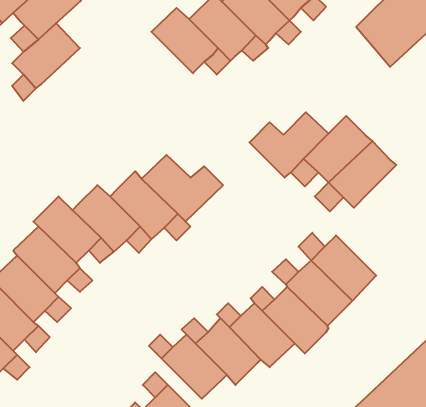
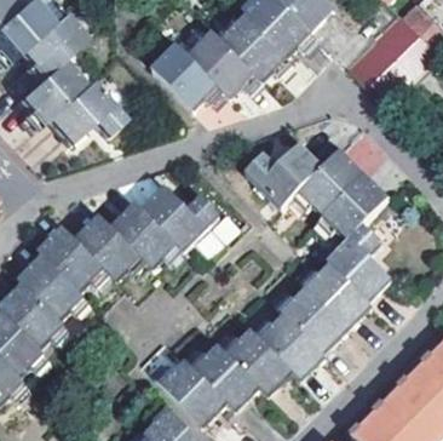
building: none -> [46,79,122,141]
building: none -> [326,222,390,299]

